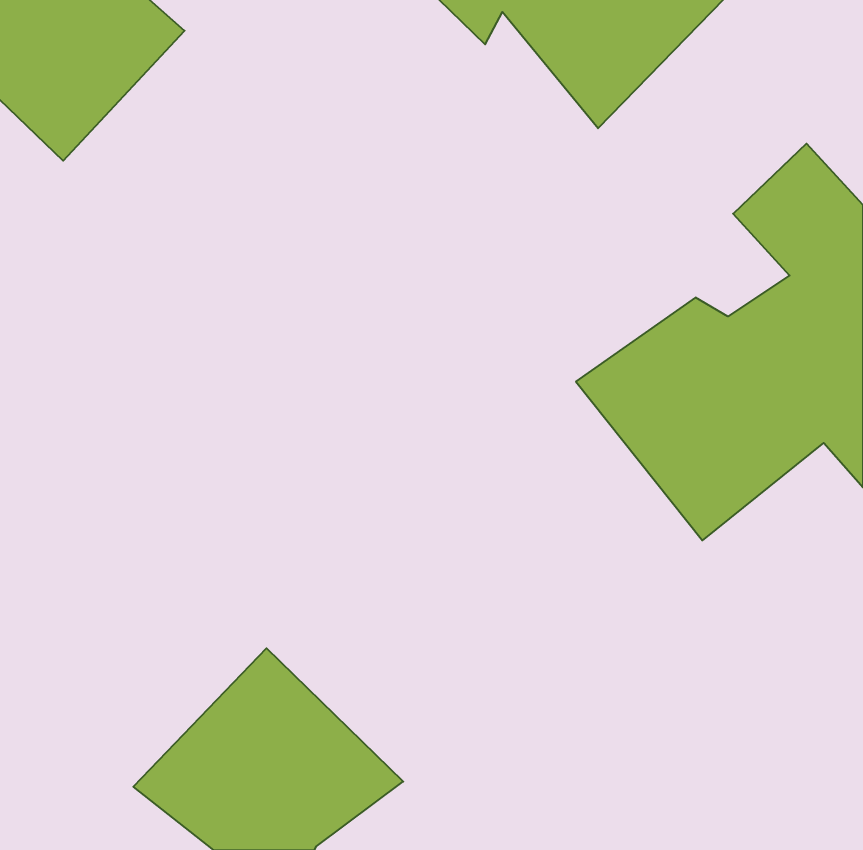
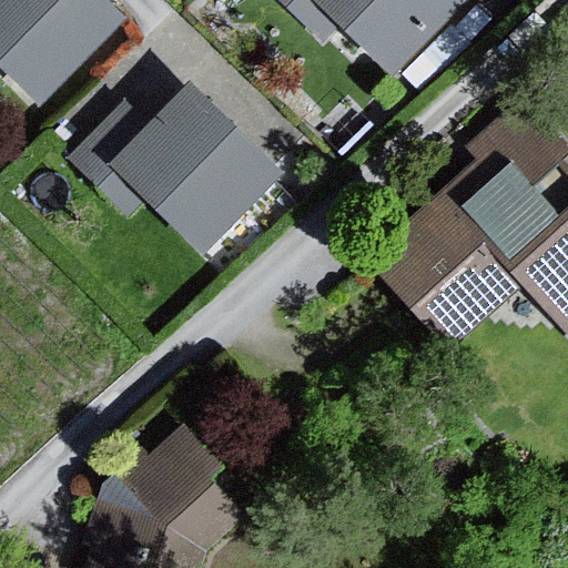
building: none -> [72,75,292,260]

